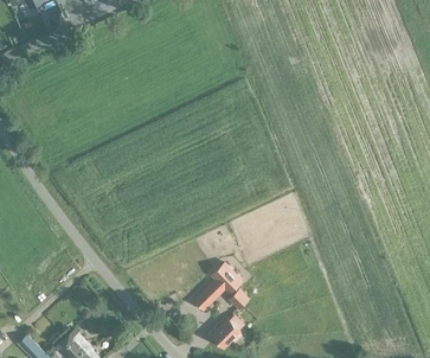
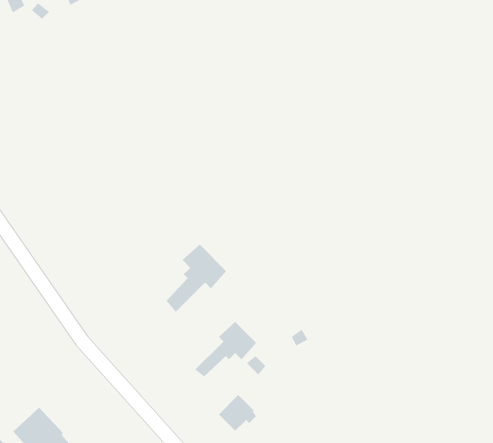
building: none -> [166,244,227,312]

